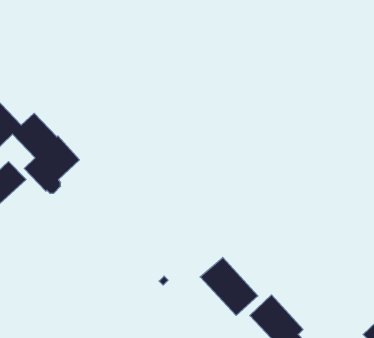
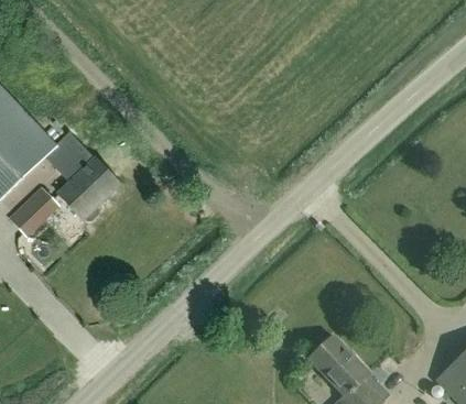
building: [200,257,258,315] -> none

